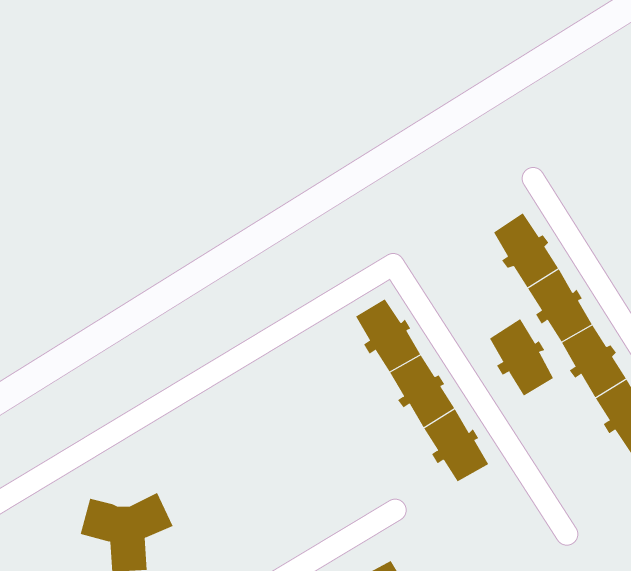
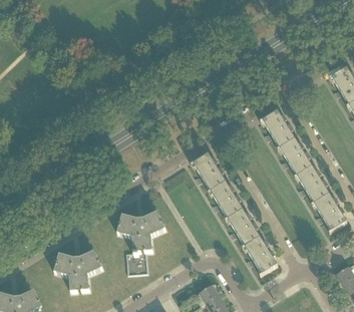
building: [489,318,554,397] -> none
building: none -> [119,213,166,276]
building: none -> [246,239,279,277]

